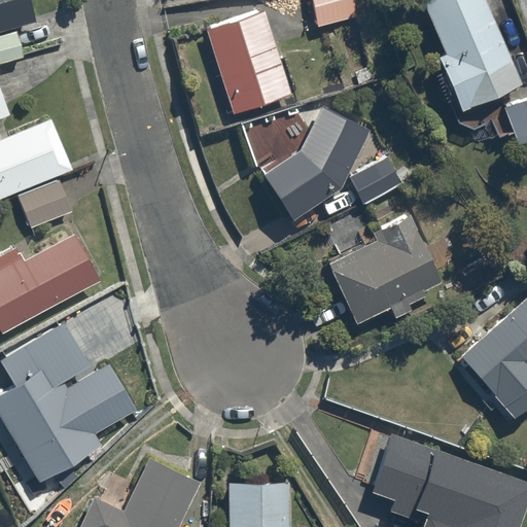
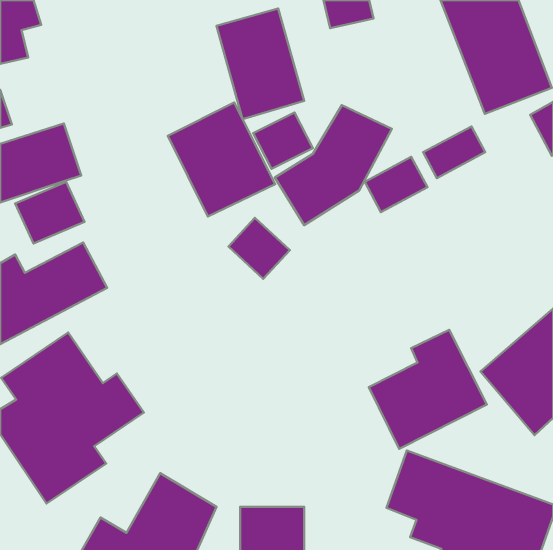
building: none -> [168,103,275,216]
building: none -> [423,126,485,178]
building: none -> [228,218,290,279]
building: [329,211,442,324] -> [369,330,487,449]

